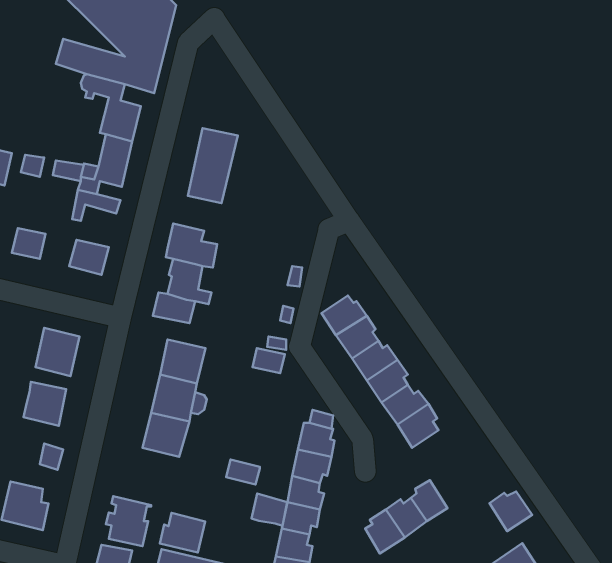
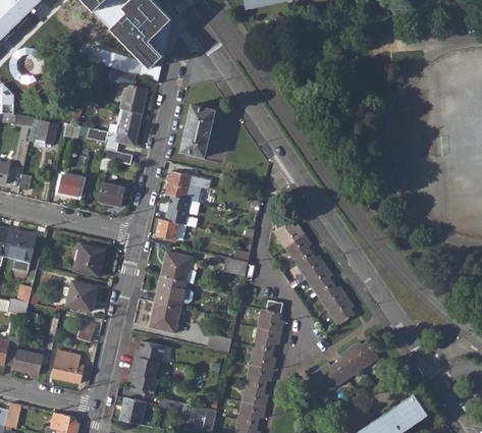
building: [490,491,532,531] -> [350,341,379,369]
building: [252,493,287,526] -> none
building: [160,513,205,552] -> [129,339,161,367]

